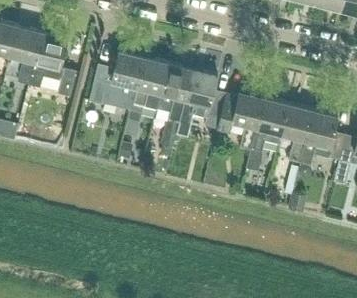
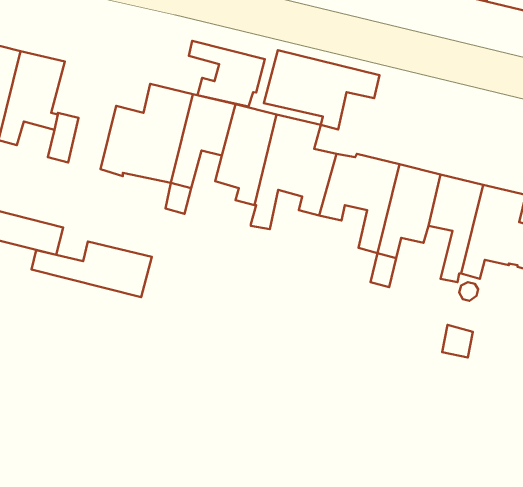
building: none -> [189,41,265,107]
building: none -> [264,50,379,130]
building: none -> [31,242,152,297]

